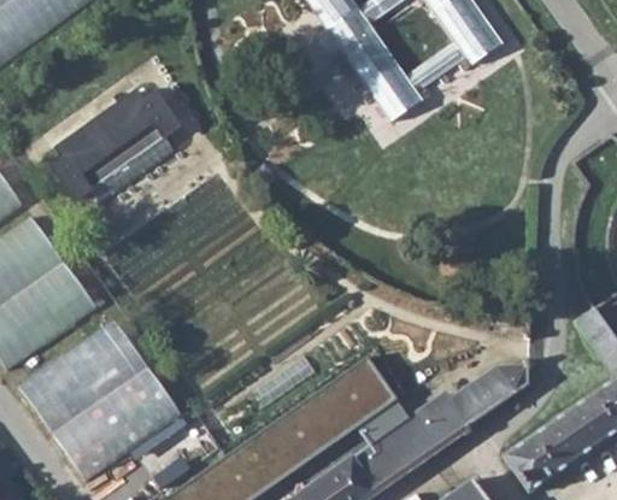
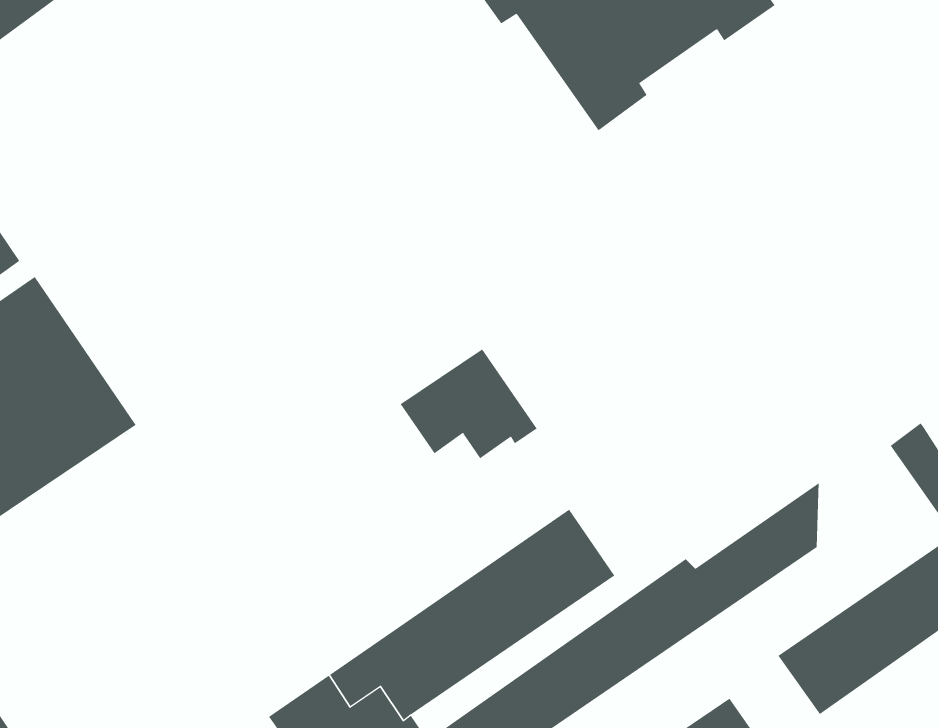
building: [47,89,174,205] -> none
building: none -> [400,348,537,459]
building: [19,317,183,481] -> none

